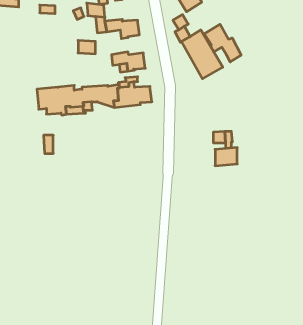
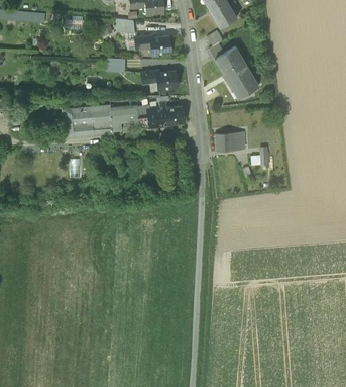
building: [204,24,241,62] -> none
building: [215,148,237,166] -> [216,132,239,152]

